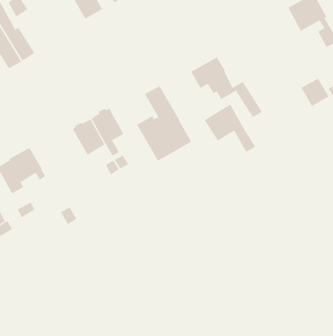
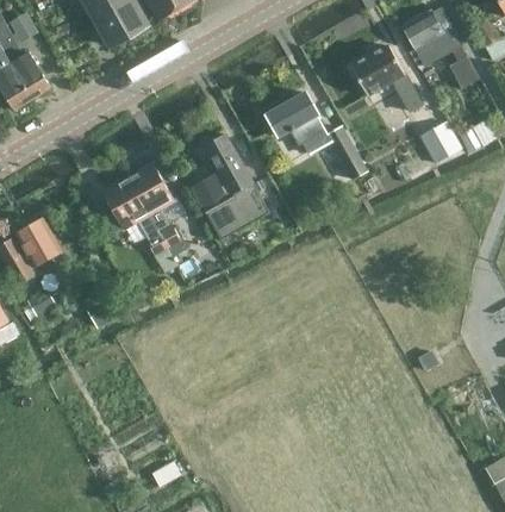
building: [204,104,256,153] -> [351,45,424,113]

